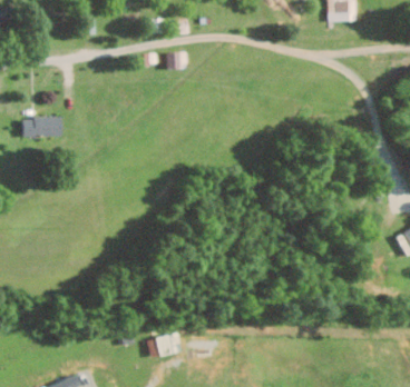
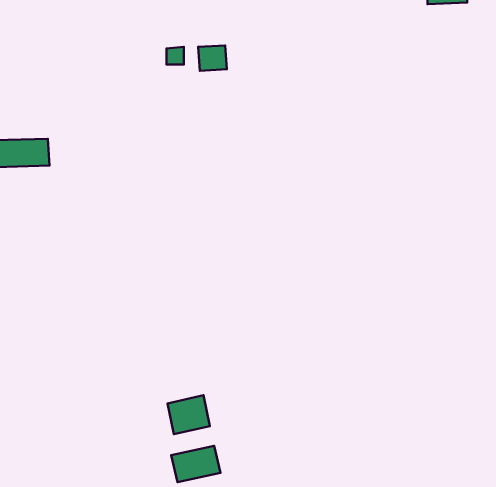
building: none -> [167,395,210,434]

